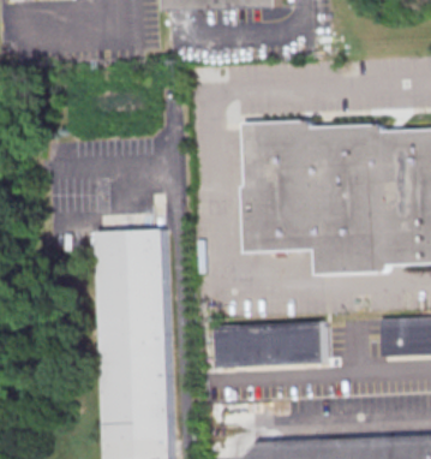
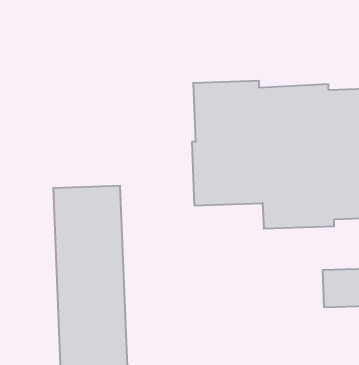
building: [214,321,323,366] -> none

